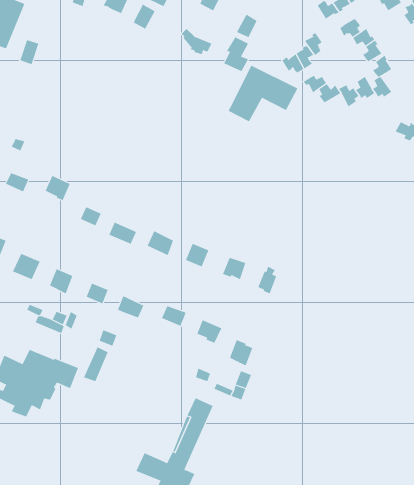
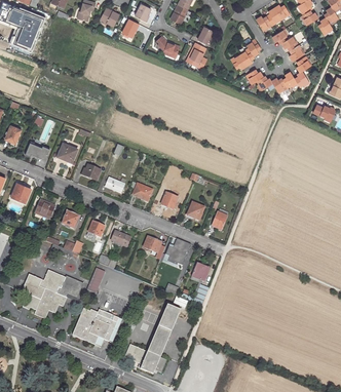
building: [228,65,298,122] -> none
building: none -> [72,308,122,347]

